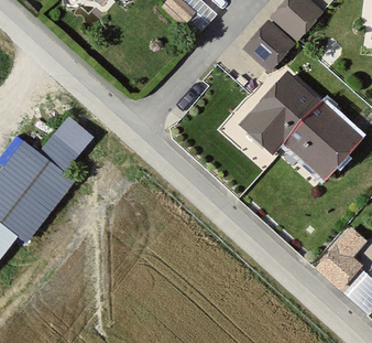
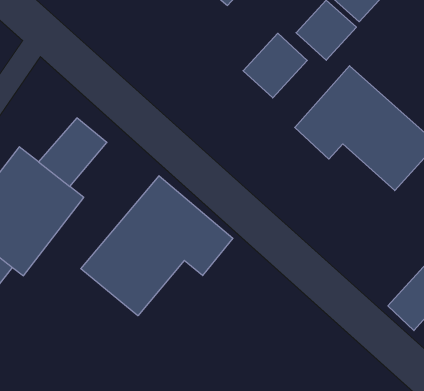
building: none -> [243,33,307,98]
building: none -> [81,176,233,316]

